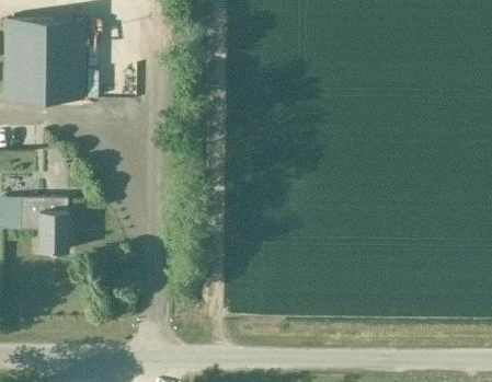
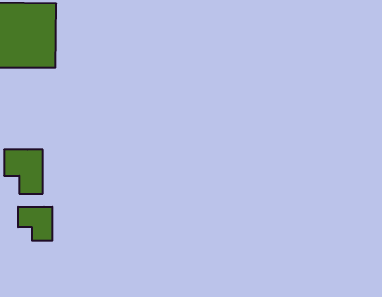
building: none -> [18,207,52,241]

